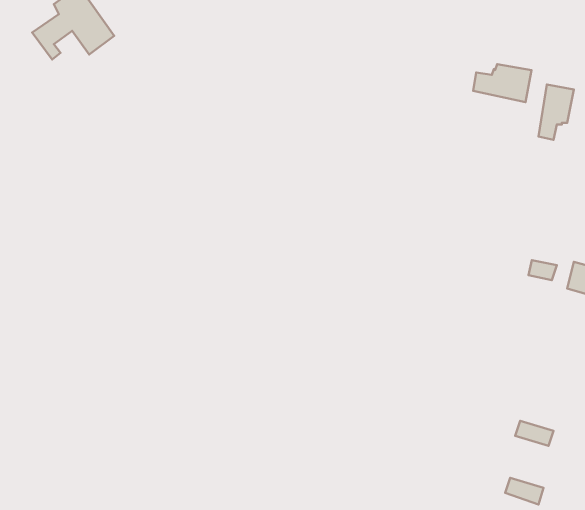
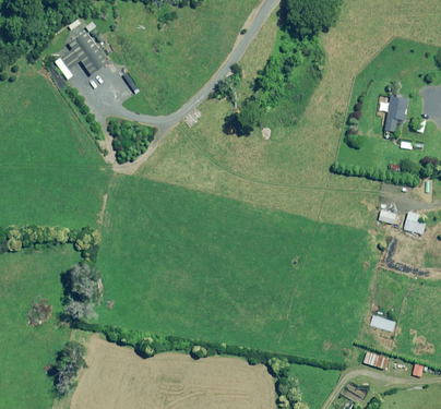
building: [473,64,532,102] -> none

